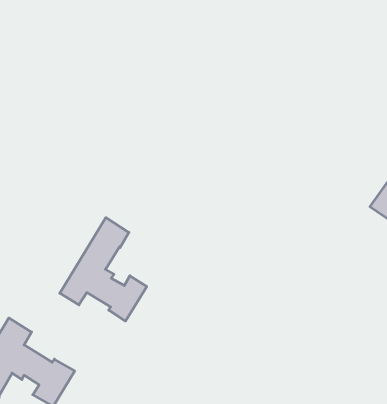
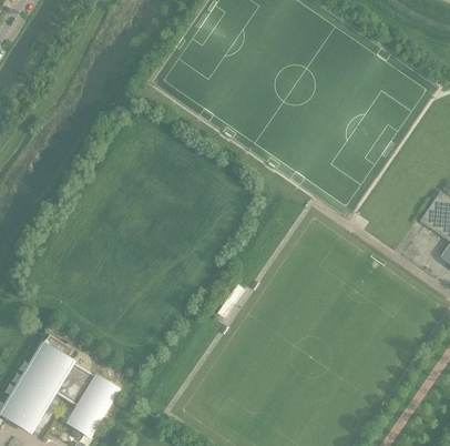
building: [60,218,147,321] -> none

